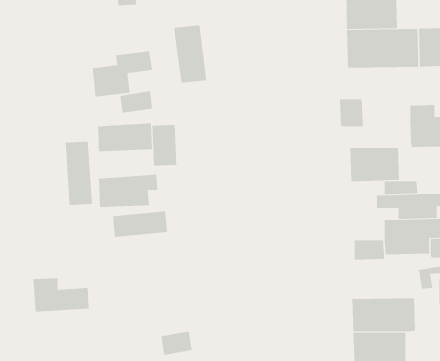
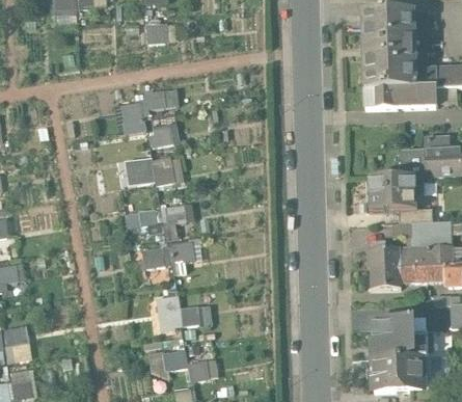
building: [174,25,207,84] -> none
building: [339,99,364,127] -> [405,153,429,180]
building: [152,124,177,167] -> none
building: [65,141,92,206] -> none
building: none -> [373,249,403,269]
building: [33,278,89,312] -> [156,295,211,328]
building: none -> [152,350,187,368]

